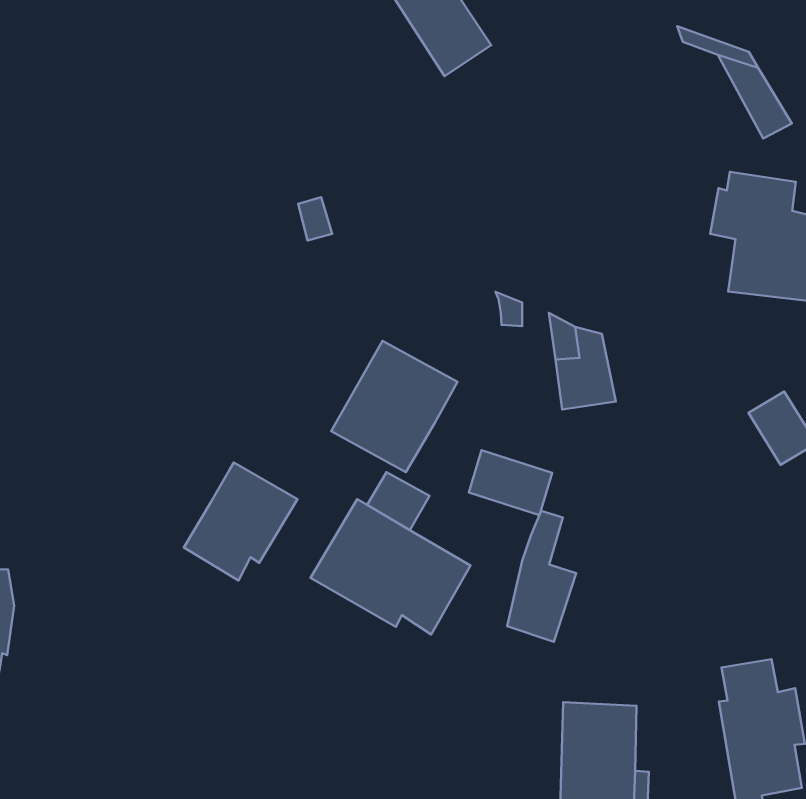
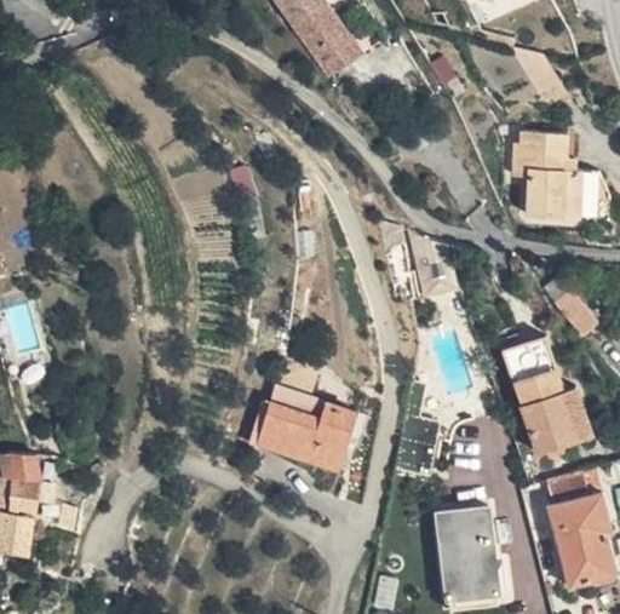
building: [331,341,457,472] -> none
building: [469,450,552,515] -> none
building: [184,462,297,581] -> none
building: none -> [509,337,596,453]

